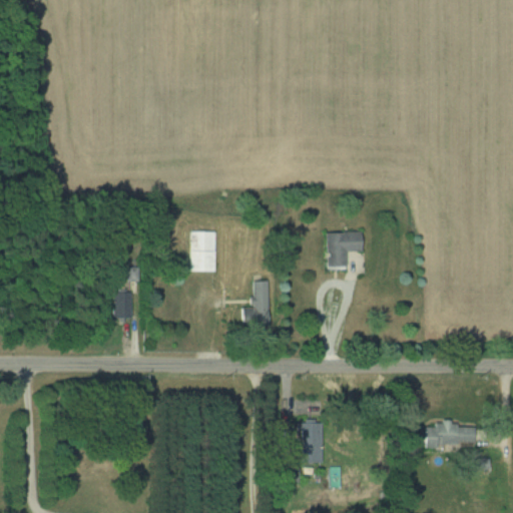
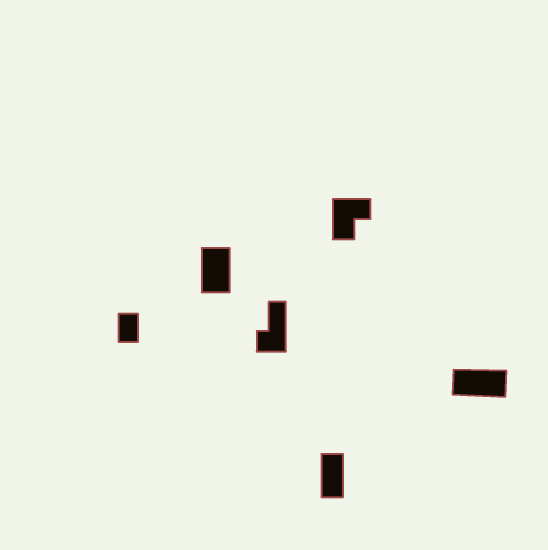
building: [325,233,360,271] -> [333,199,371,239]
building: [425,423,475,448] -> [453,370,506,397]

